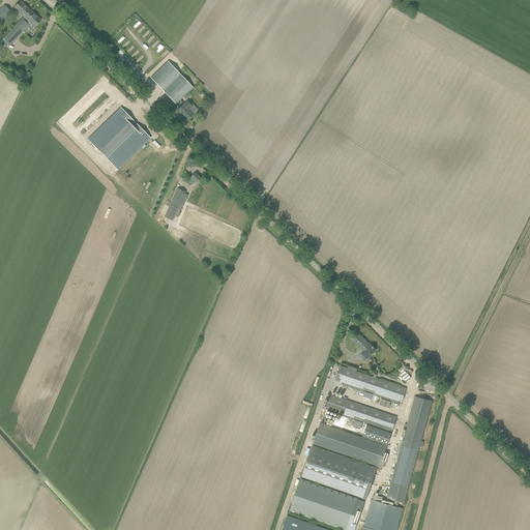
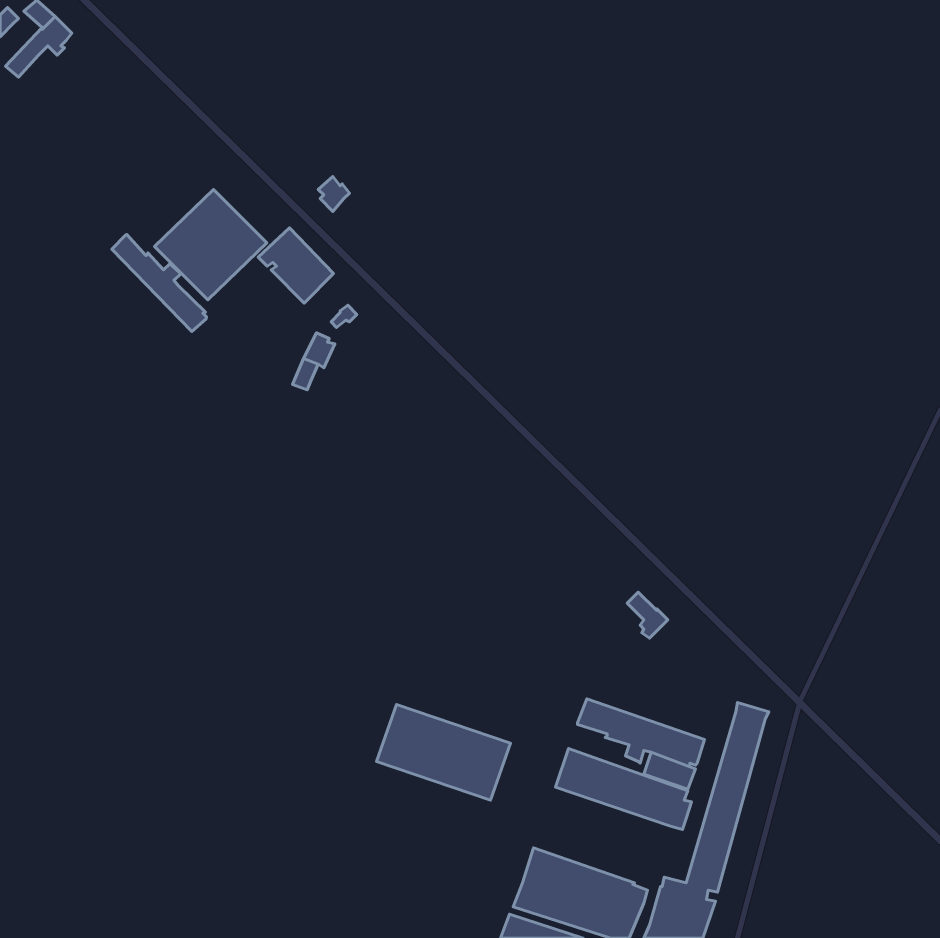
building: [150,60,193,102] -> [258,228,334,303]
building: none -> [112,235,207,332]
building: [334,364,406,403] -> none
building: [301,444,377,498] -> [376,704,511,800]

